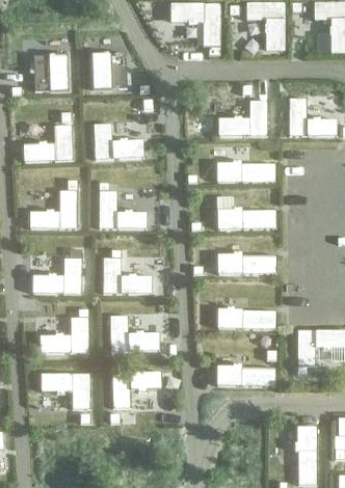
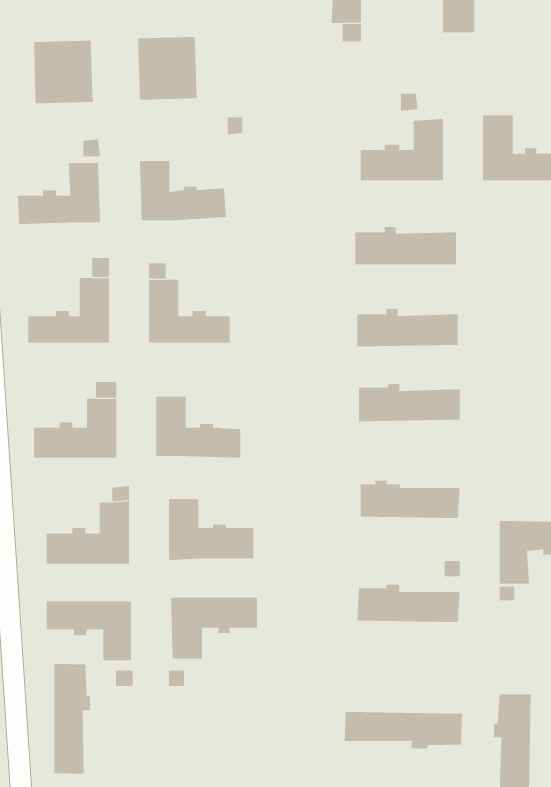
building: none -> [54,663,91,774]
building: none -> [344,711,463,749]

